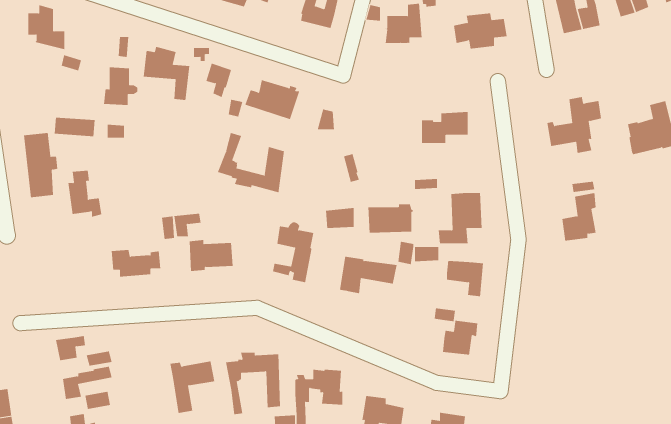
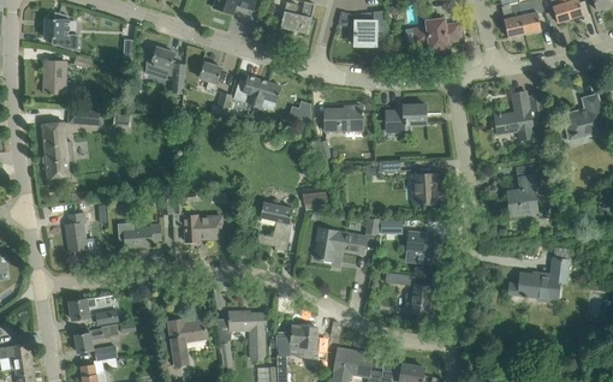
building: [103,67,138,106] -> [42,60,72,94]
building: [217,132,285,193] -> none
building: [68,170,102,217] -> [65,213,95,253]
building: [368,204,413,233] -> [323,106,363,131]
building: none -> [507,246,570,303]

